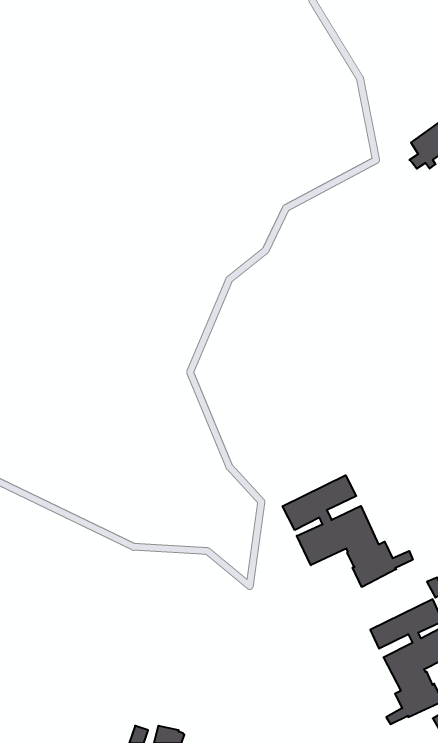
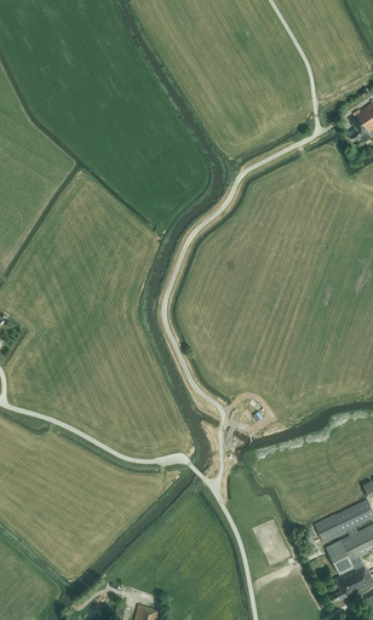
building: [283,475,413,587] -> none

